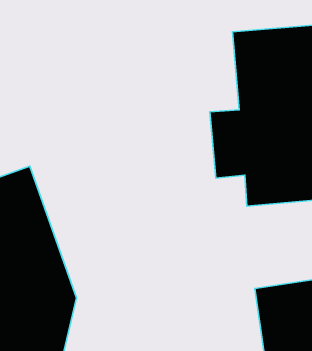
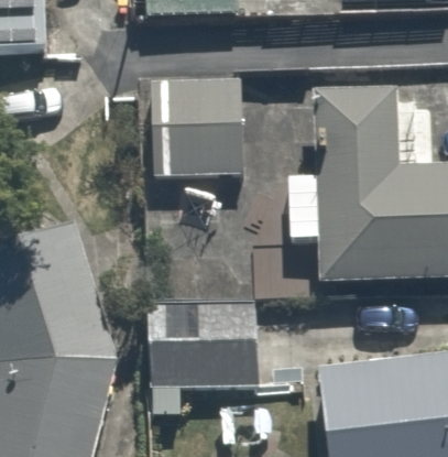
building: none -> [155,79,267,174]
building: none -> [146,296,256,380]

